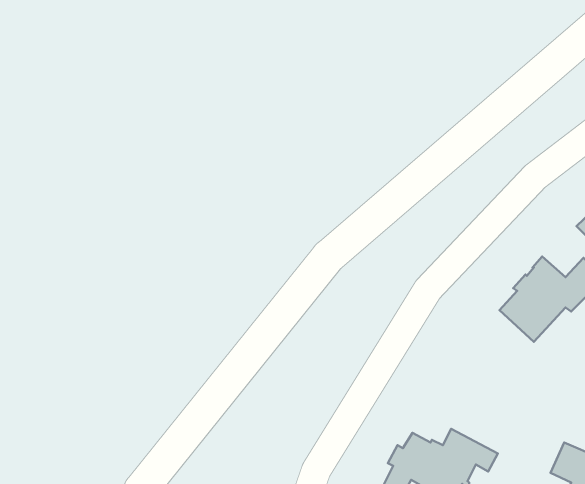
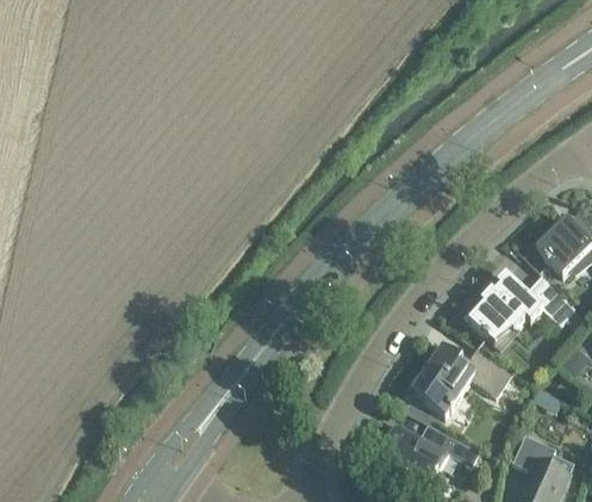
building: none -> [411,345,512,415]

